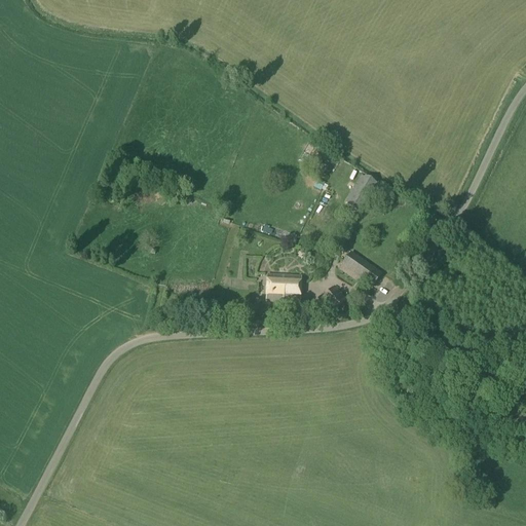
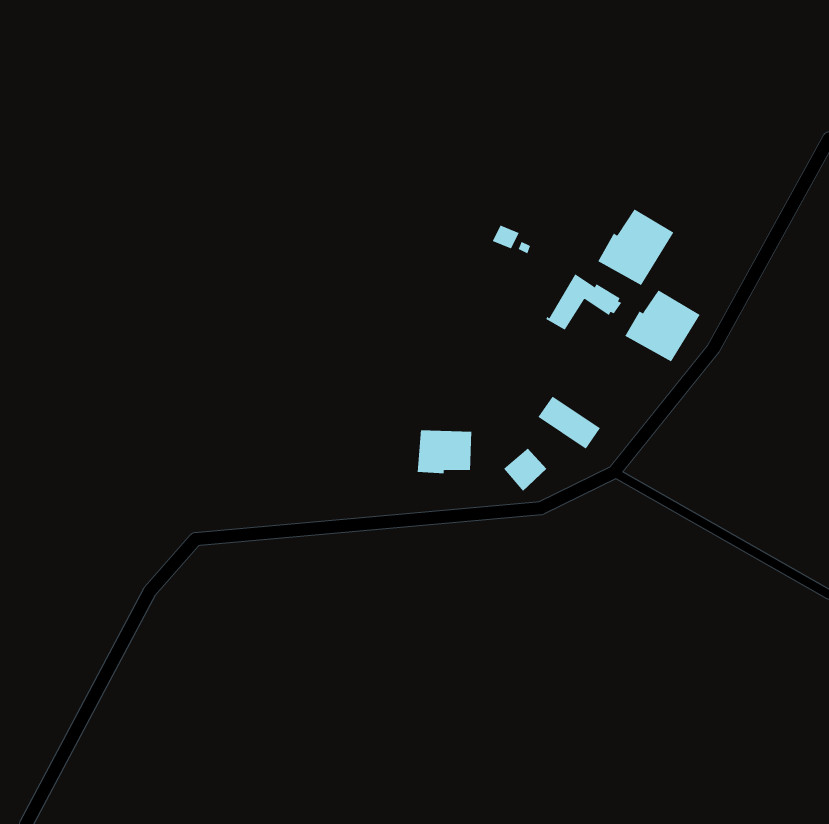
building: none -> [597,209,674,286]
building: none -> [625,289,701,362]

